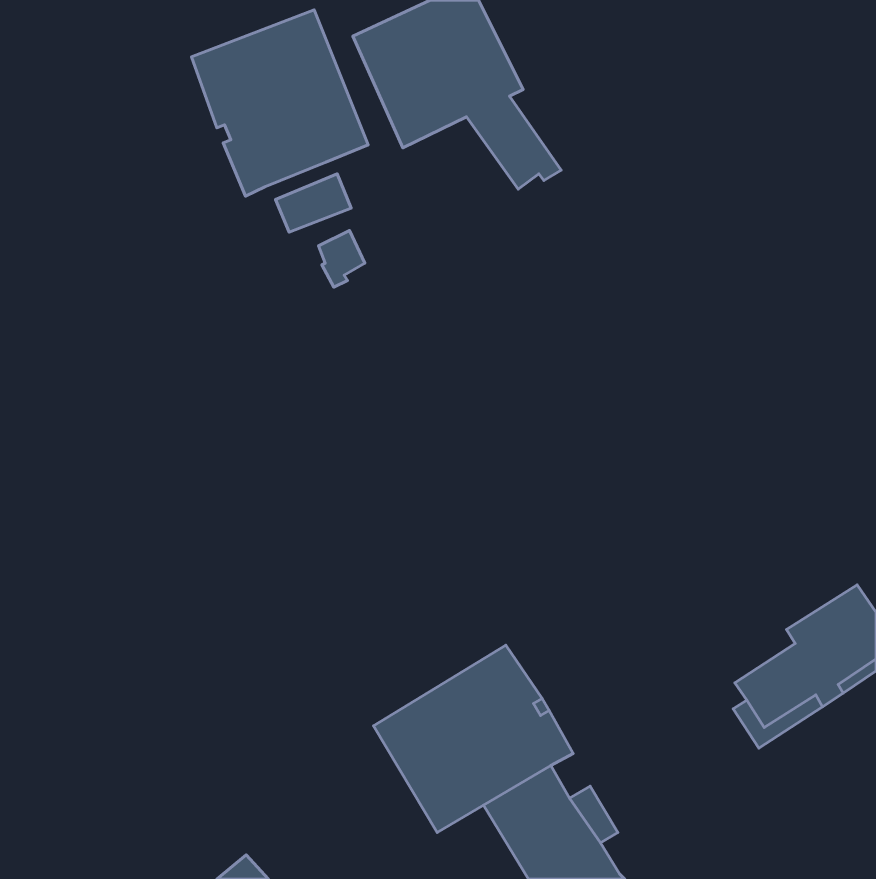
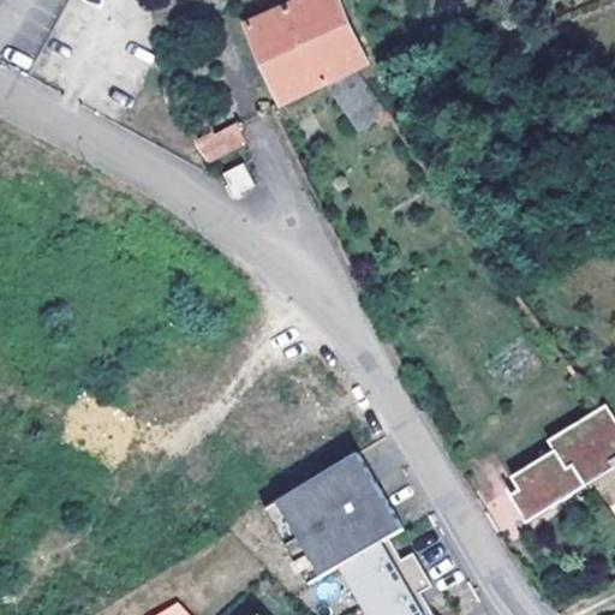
building: [192,10,368,196] -> none

